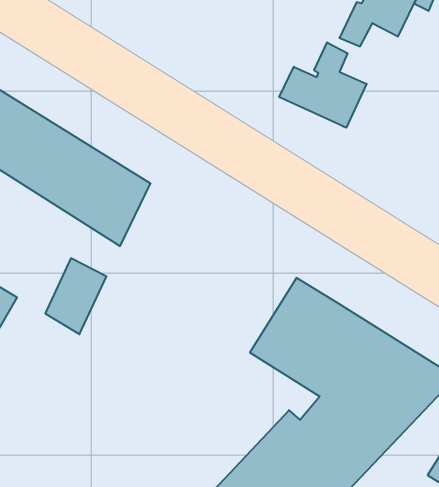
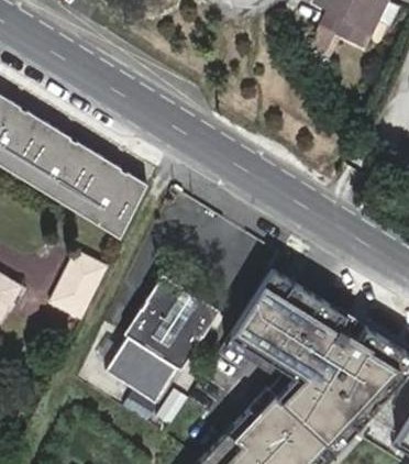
building: [279,42,367,128] -> none
building: none -> [107,273,219,399]

